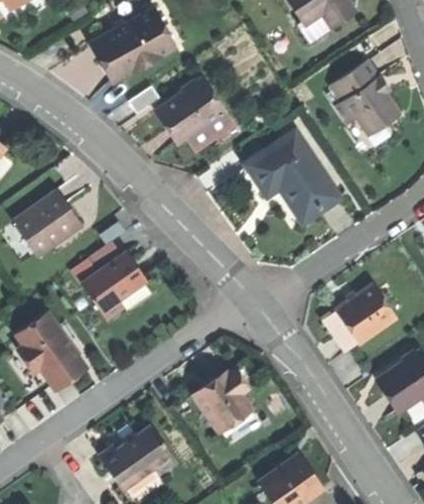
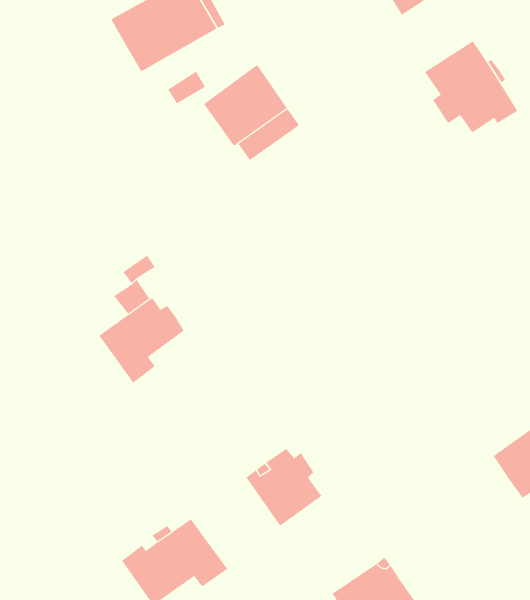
building: [246,131,341,225] -> none
building: [12,192,81,257] -> none
building: [334,284,395,345] -> none
building: [14,312,81,386] -> none

